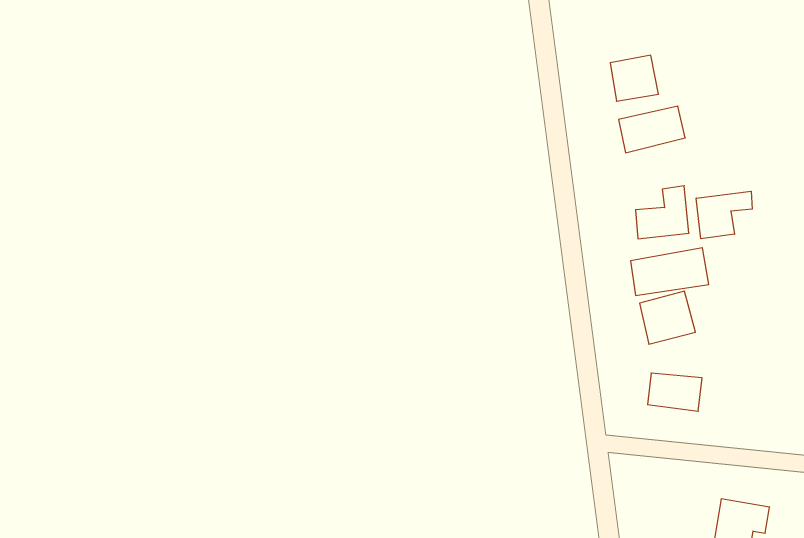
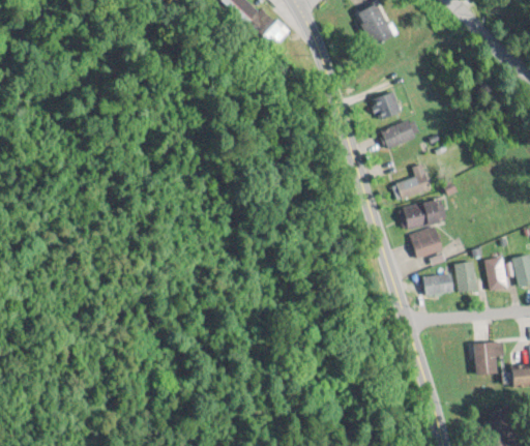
building: [696,191,752,239] -> none
building: none -> [454,261,477,292]
building: none -> [483,257,507,290]

